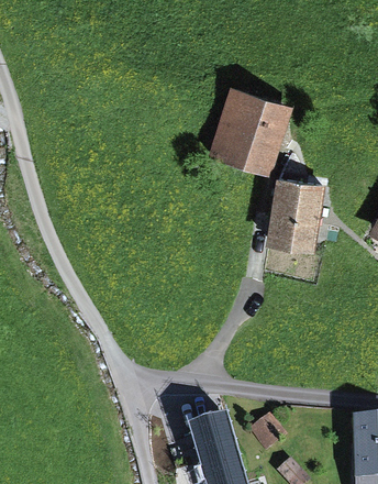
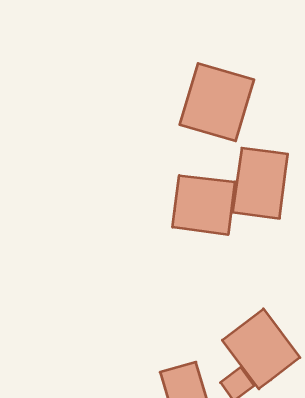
building: none -> [173,175,235,235]
building: none -> [222,309,300,389]

